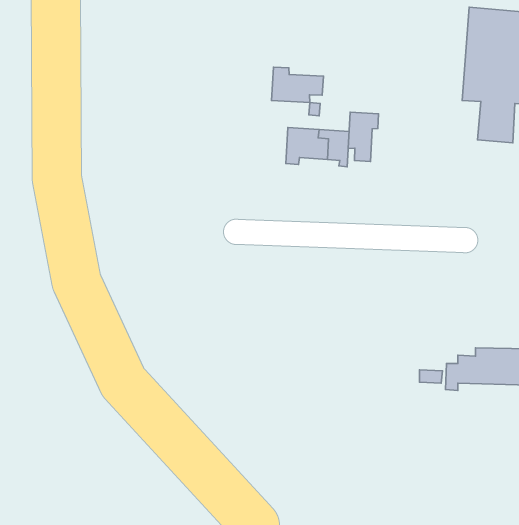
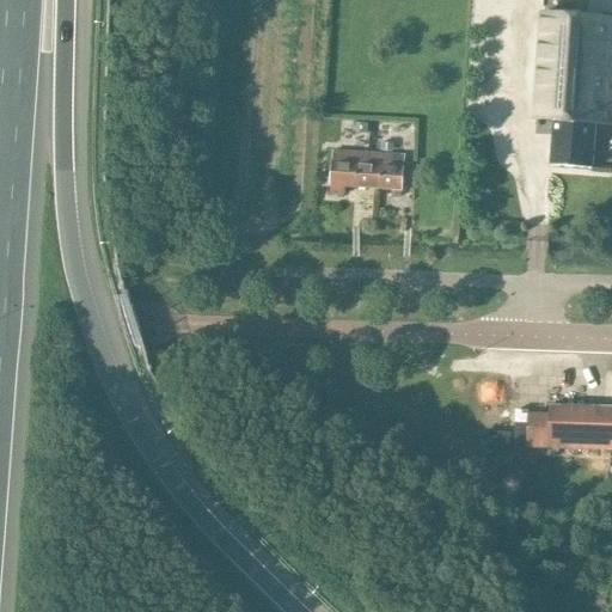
building: [271,67,324,103] -> none
building: [348,112,379,162] -> none

